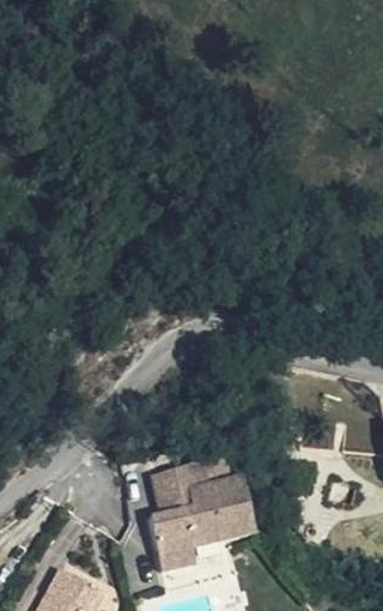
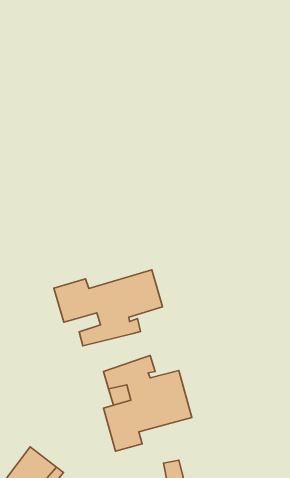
building: none -> [54,270,163,346]

